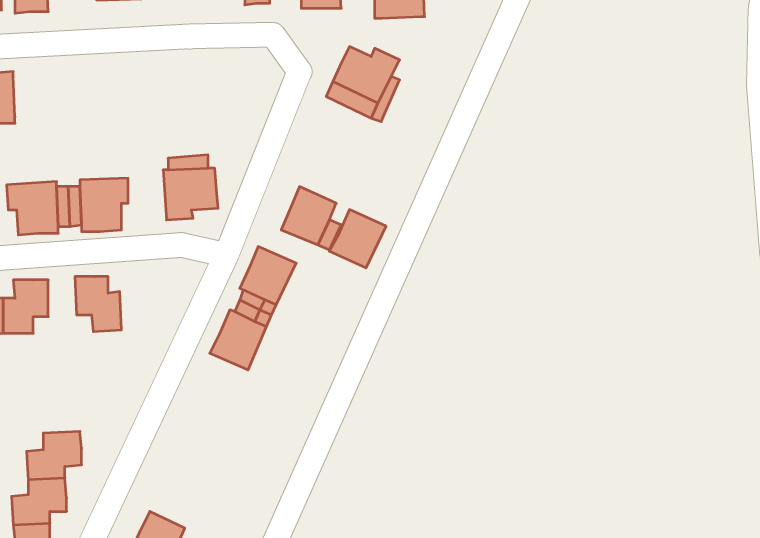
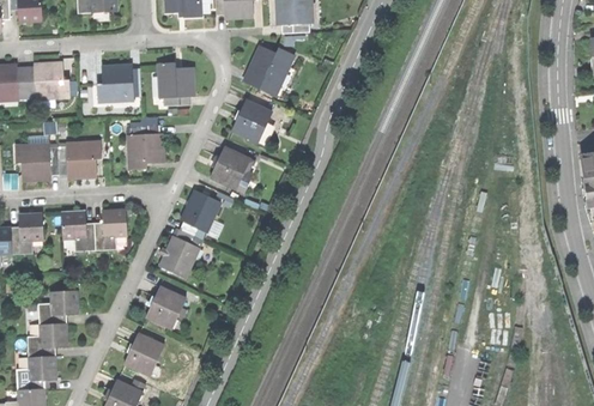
building: none -> [34,61,71,99]
building: none -> [158,62,196,97]
building: none -> [98,63,133,101]
building: [329,210,386,268] -> [232,99,273,141]
building: none -> [95,208,127,249]
building: none -> [146,285,186,328]
building: none -> [38,290,79,323]
building: none -> [125,333,164,375]

